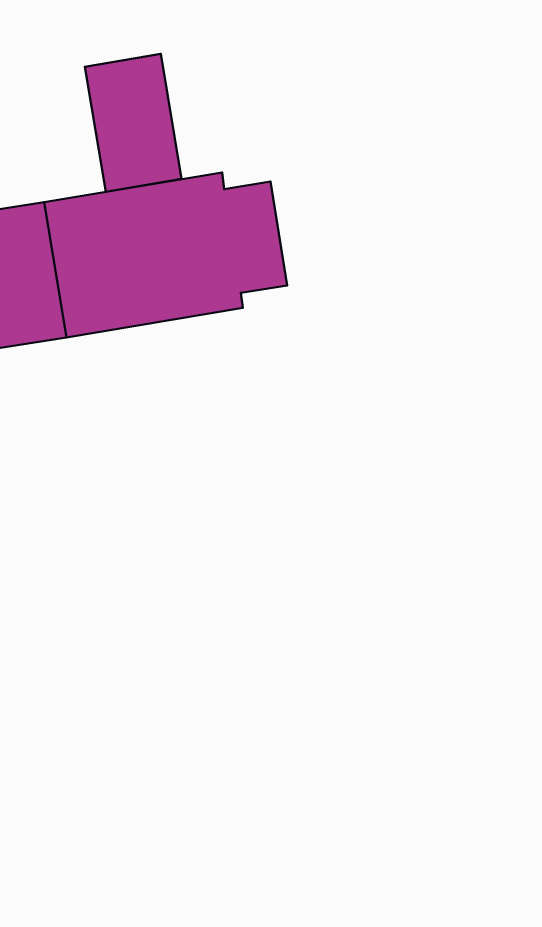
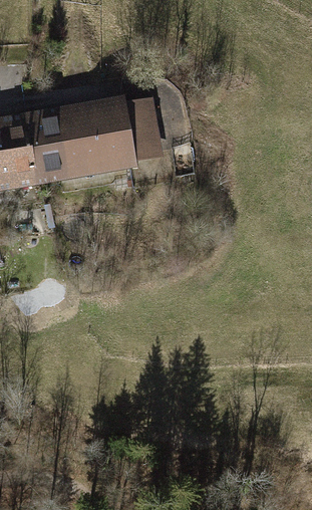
building: [85,54,182,192] -> none

